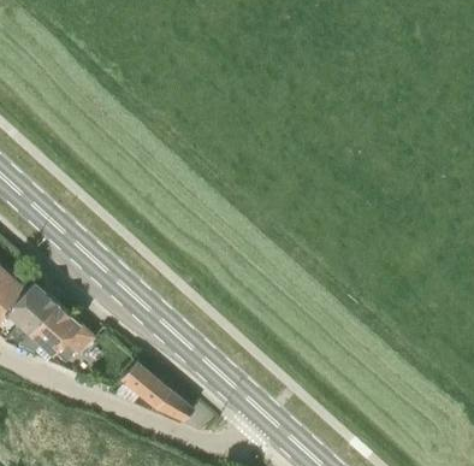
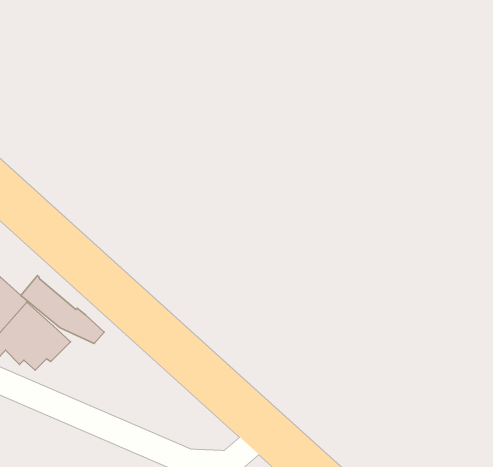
building: [120,361,191,419] -> [21,276,104,344]

